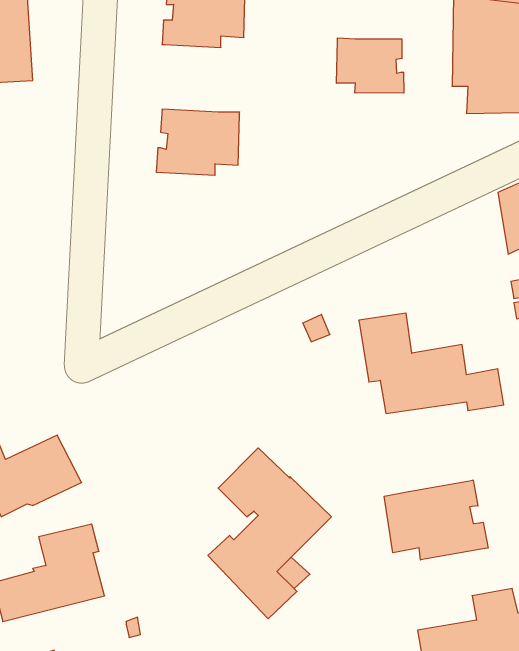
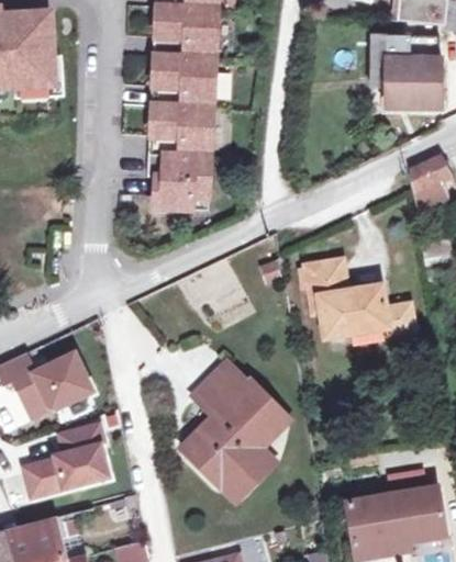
building: [336,38,404,93] -> none
building: none -> [151,55,214,106]
building: none -> [148,153,210,209]
building: [384,480,488,560] -> none

